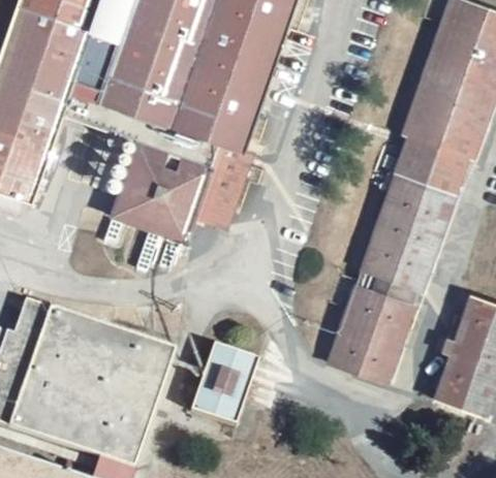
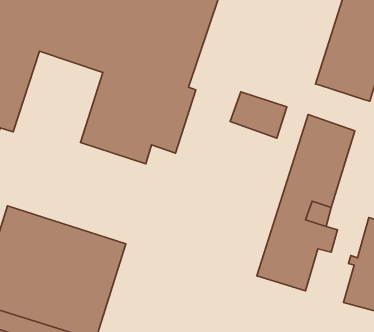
building: [395,140,466,198] -> [230,92,287,138]
building: [191,340,256,427] -> none

